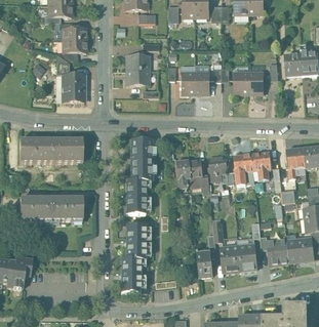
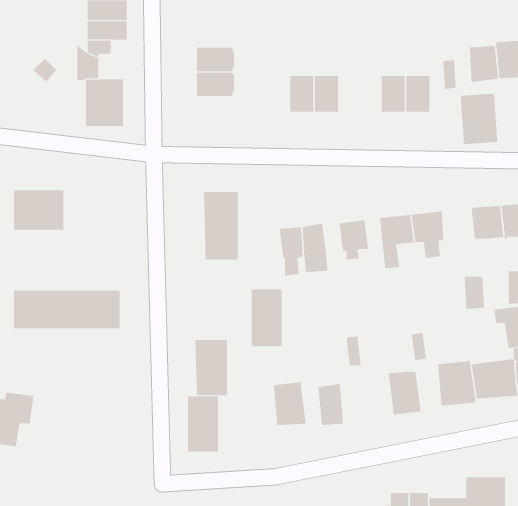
building: none -> [460,93,498,145]
building: [49,138,82,162] -> none
building: [126,179,145,213] -> [251,289,283,347]
building: [222,245,241,271] -> [273,382,307,426]

